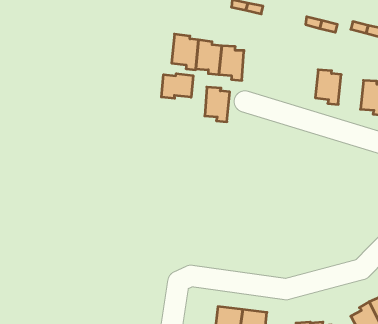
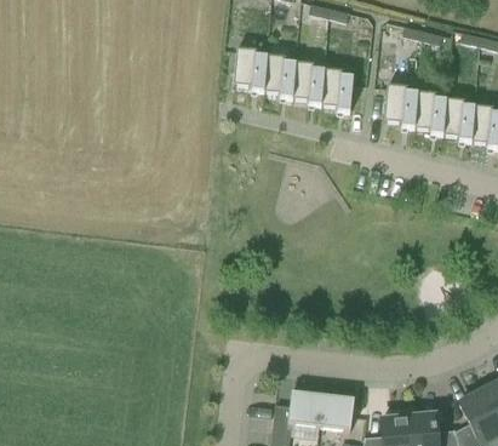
building: none -> [384,86,418,130]
building: [161,74,193,98] -> none
building: none -> [443,99,475,143]
building: [205,87,230,122] -> [322,70,354,114]

